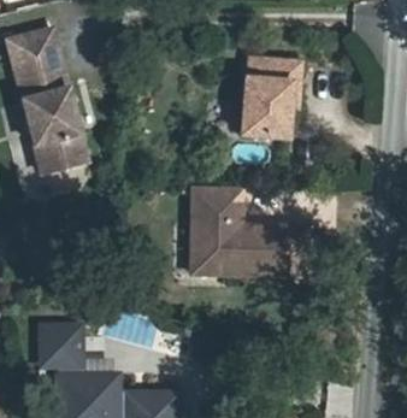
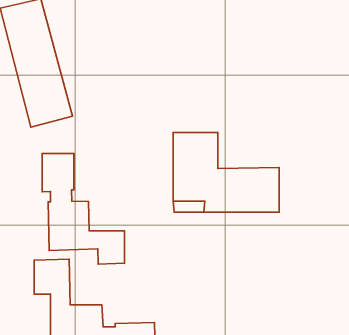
building: [242,52,300,131] -> none
building: none -> [42,153,125,264]

